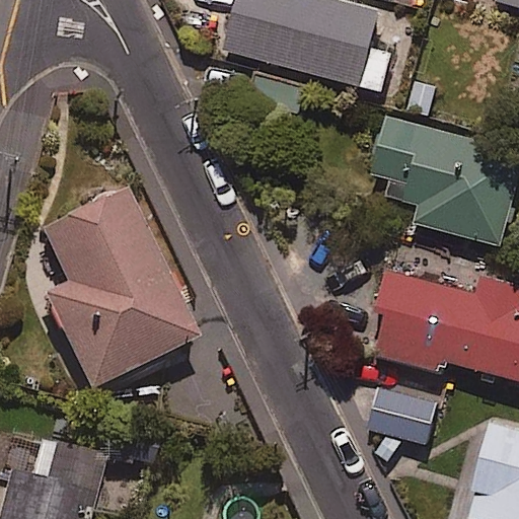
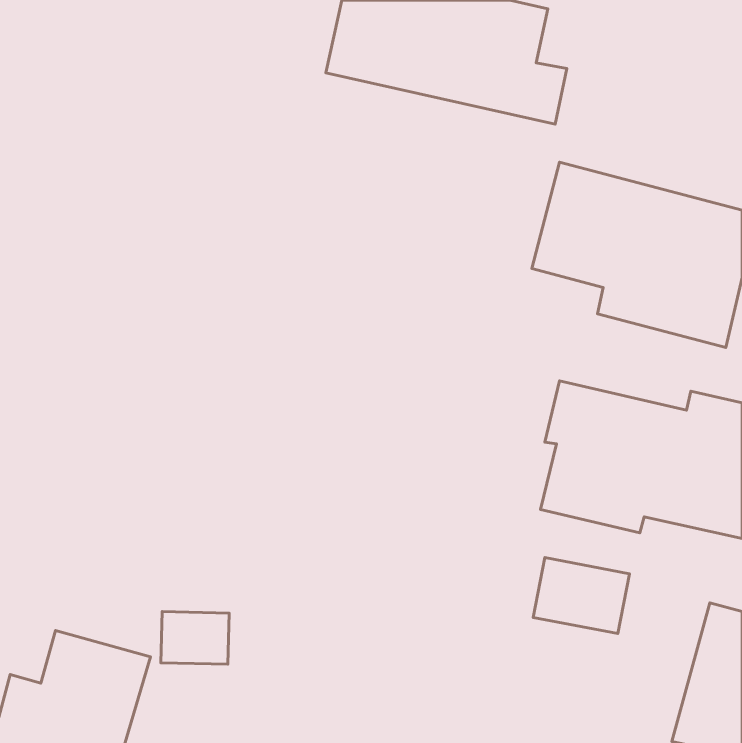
building: [39,190,197,391] -> none

